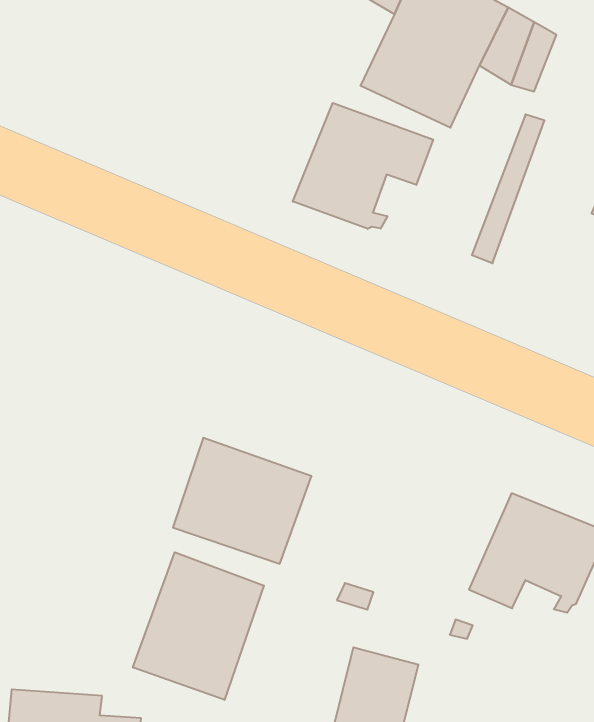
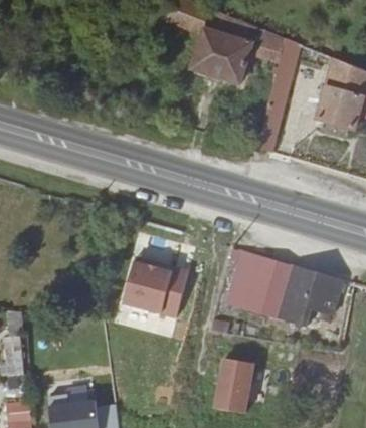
building: [293,103,433,229] -> none
building: none -> [238,256,292,318]
building: [133,552,264,700] -> none

